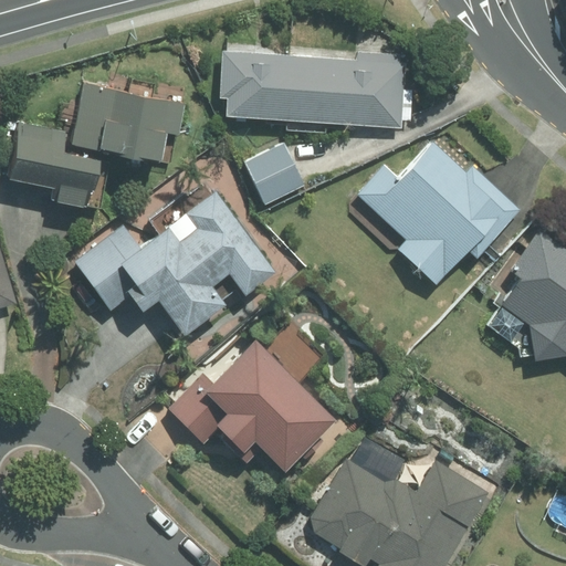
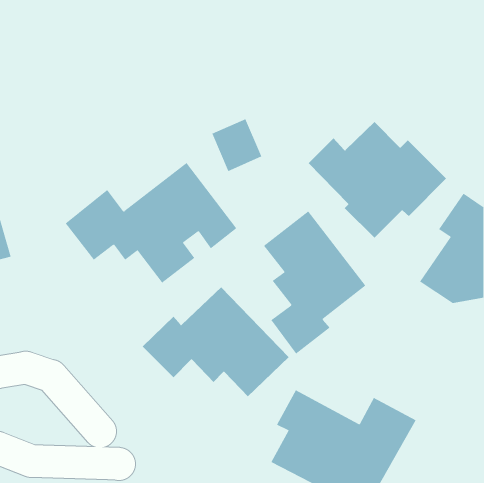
building: [218,50,413,129] -> none
building: [12,84,185,203] -> none
building: none -> [263,210,366,354]

